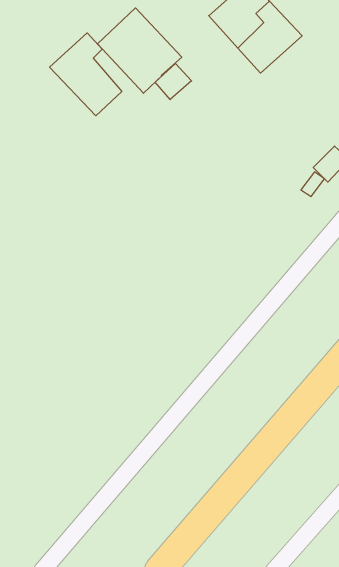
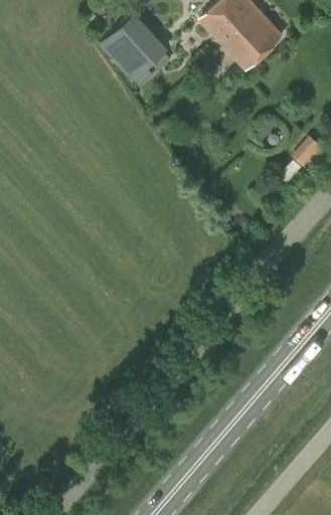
building: [50,33,122,116] -> none
building: [155,63,192,100] -> none

